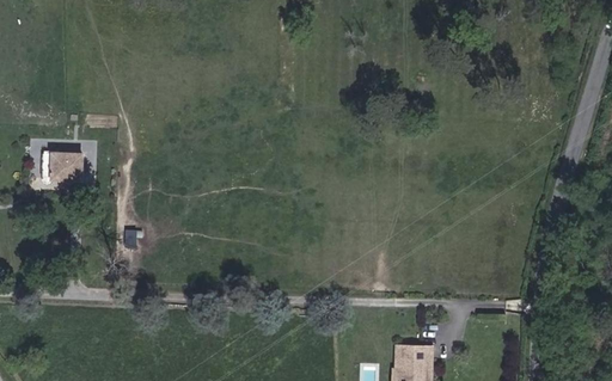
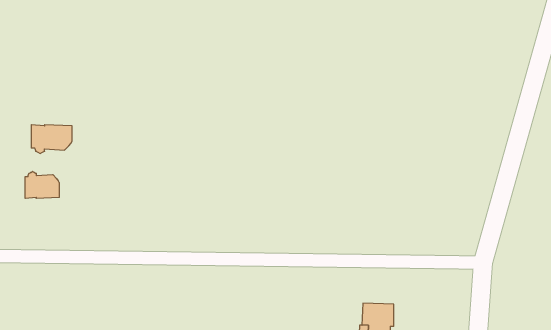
building: none -> [25,171,59,198]

